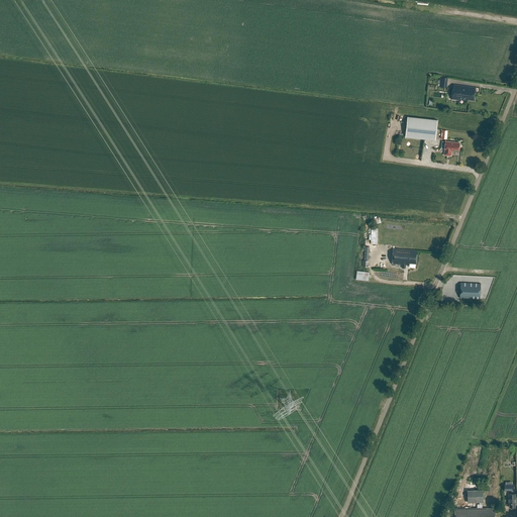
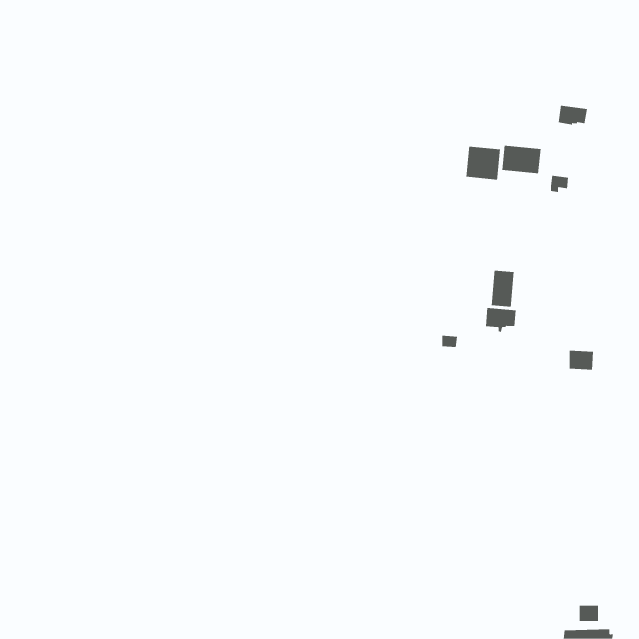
building: none -> [466,146,501,180]
building: none -> [491,270,514,307]

